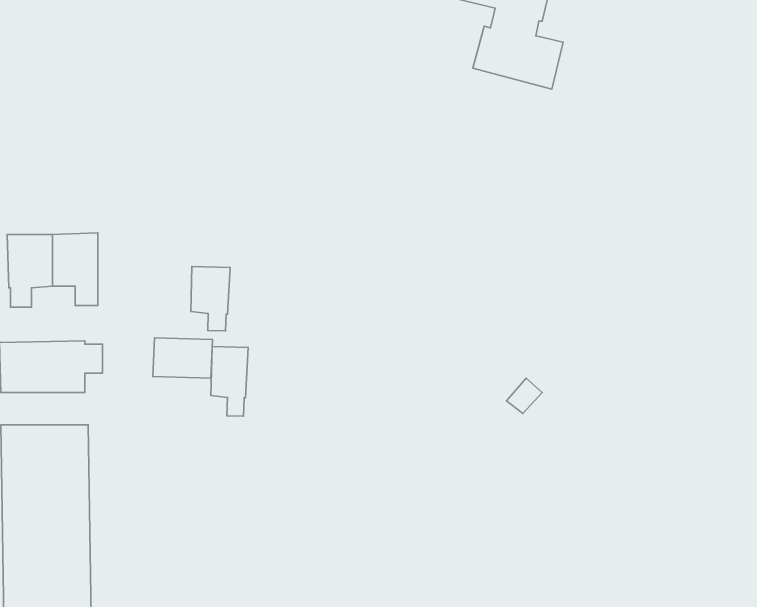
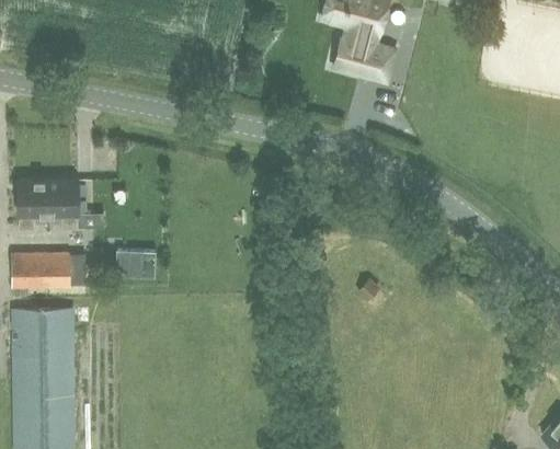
building: [191,267,230,331] -> none
building: [211,346,248,416] -> none

